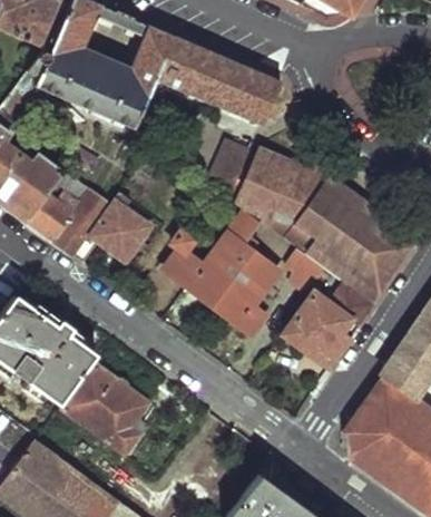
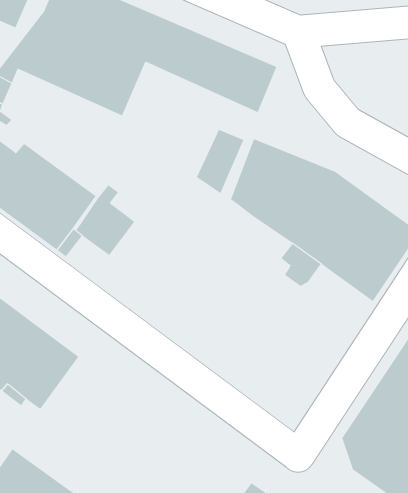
building: [165,208,280,332] -> none
building: [285,272,374,368] -> none
building: [60,362,155,455] -> none

